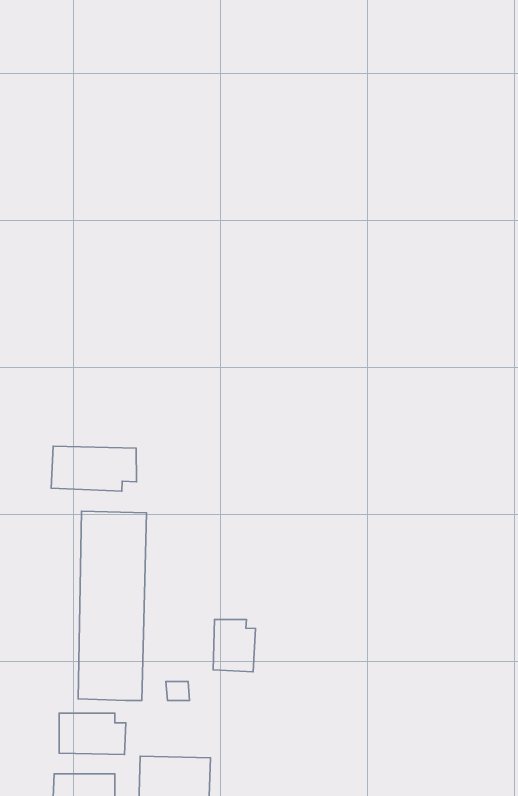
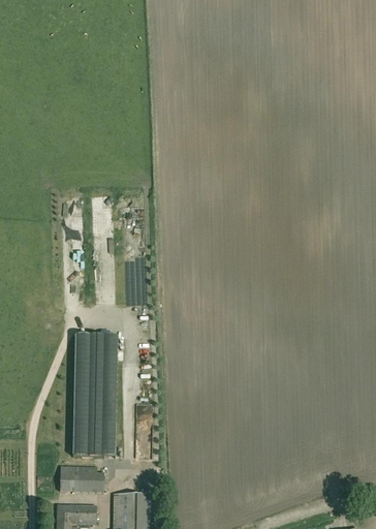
building: [51,446,136,491] -> none
building: [213,619,256,672] -> none

